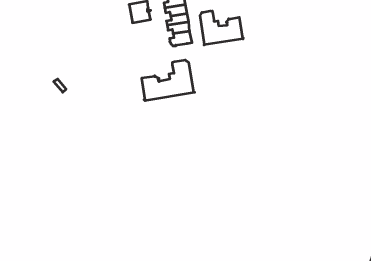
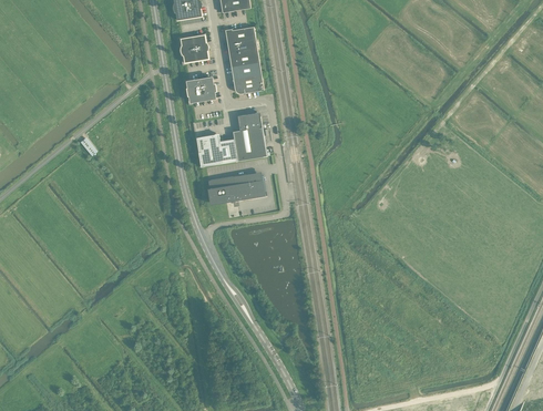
building: [200,11,243,45] -> none
building: none -> [187,76,215,101]
building: none -> [206,172,266,204]

